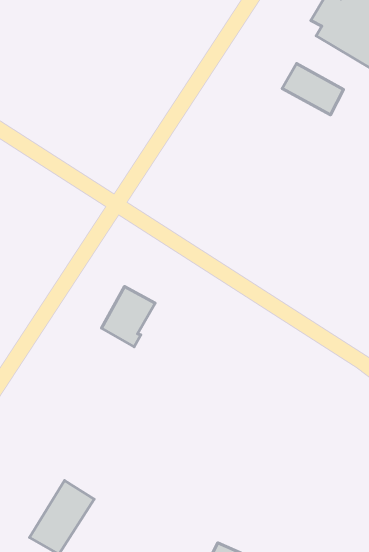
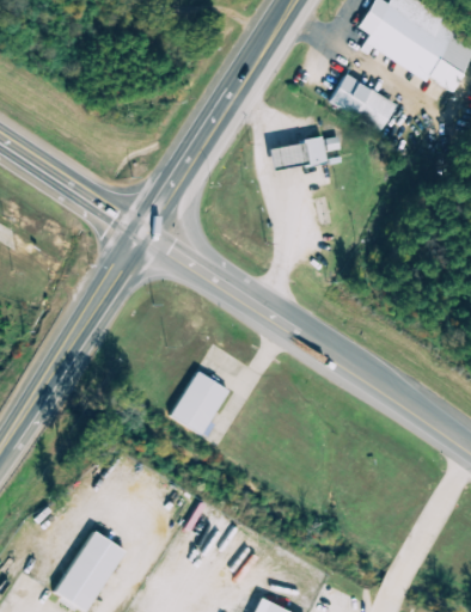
building: none -> [268,140,326,169]
building: [101,287,155,347] -> [170,372,228,437]

